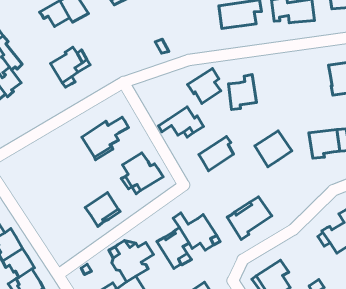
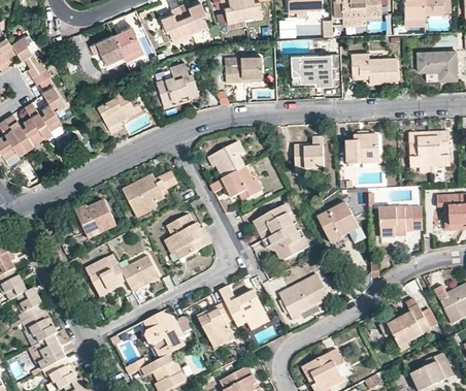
building: none -> [225,57,261,82]
building: none -> [156,63,198,103]
building: [187,68,221,103] -> [208,141,245,180]
building: none -> [346,136,378,165]
building: none -> [76,200,116,239]
building: none -> [263,225,308,260]
building: none -> [86,258,127,298]

